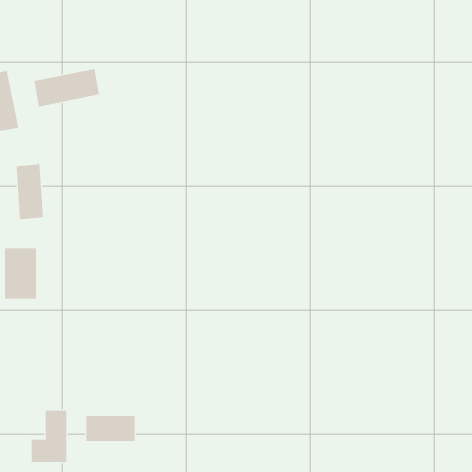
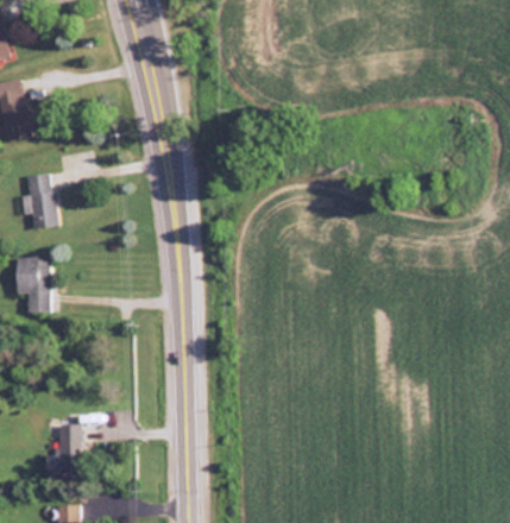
building: [34,68,99,107] -> none
building: [86,415,135,442] -> none

